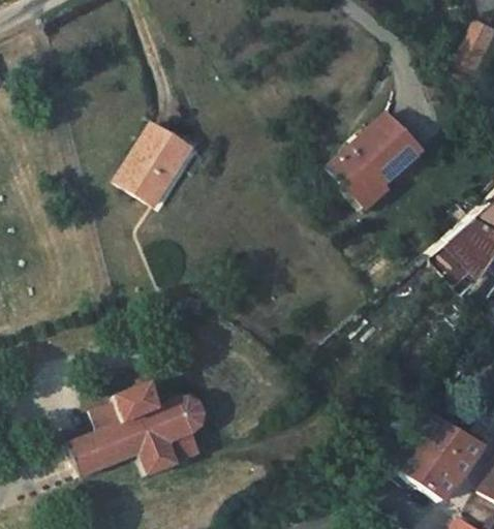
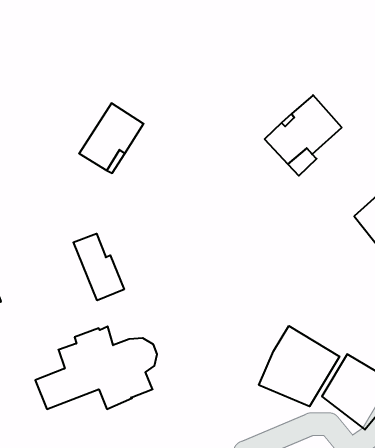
building: none -> [73,234,124,300]
building: none -> [259,326,339,406]

